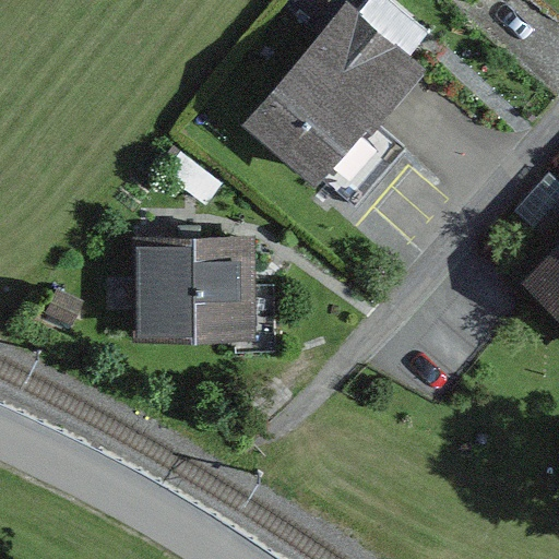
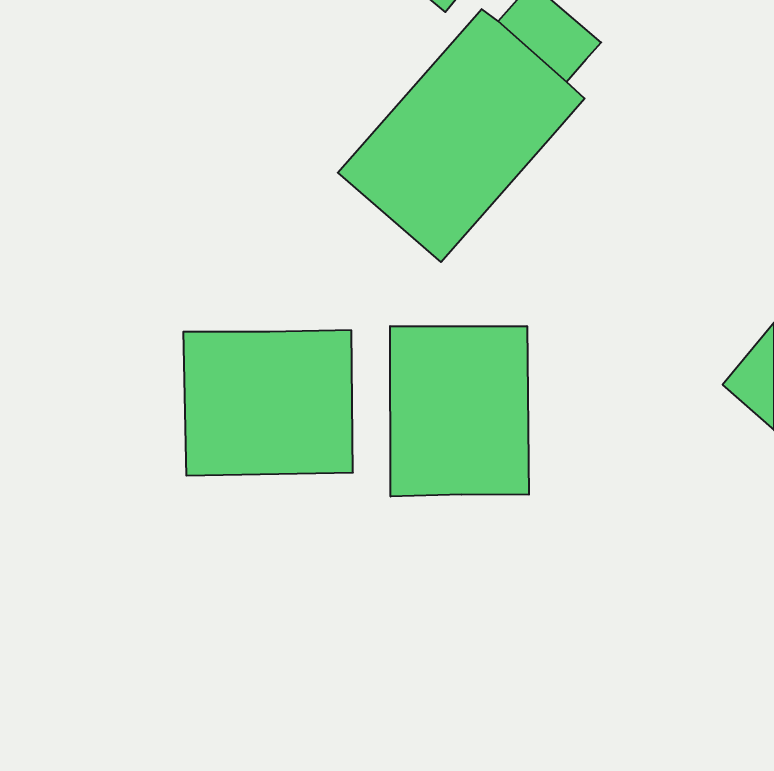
building: none -> [390,326,529,497]

